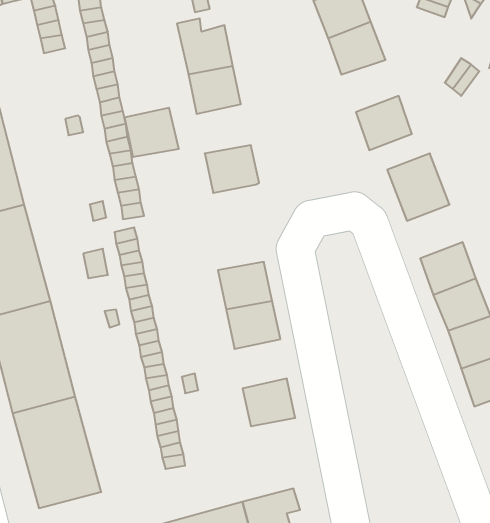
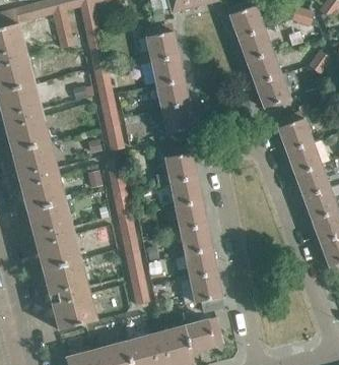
building: none -> [246,52,281,84]
building: [125,108,179,157] -> [156,79,190,110]
building: none -> [286,141,321,175]
building: none -> [156,144,198,185]
building: none -> [174,225,212,255]
building: none -> [190,273,225,313]

